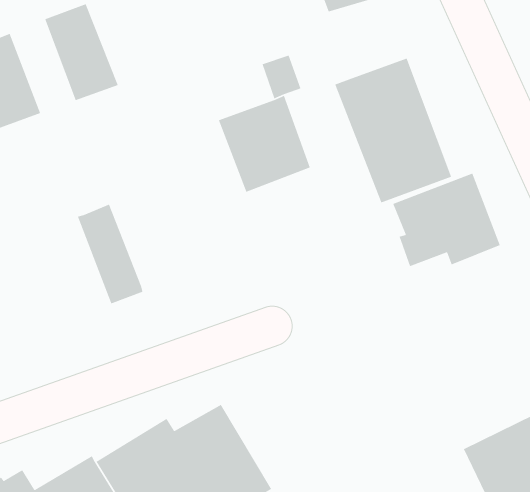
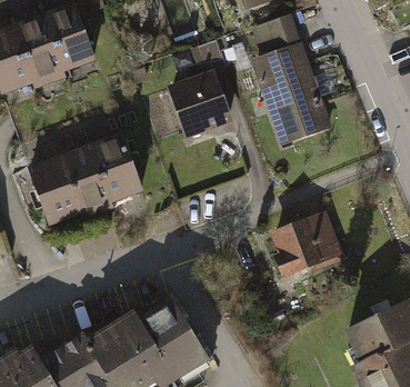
building: none -> [19,18,68,91]
building: none -> [253,18,303,60]
building: [392,172,501,267] -> [269,208,347,276]
building: none -> [90,138,143,209]
building: none -> [30,159,89,231]

